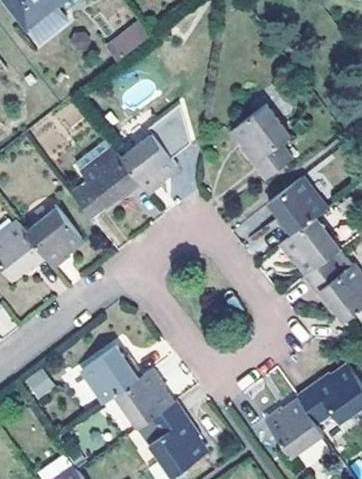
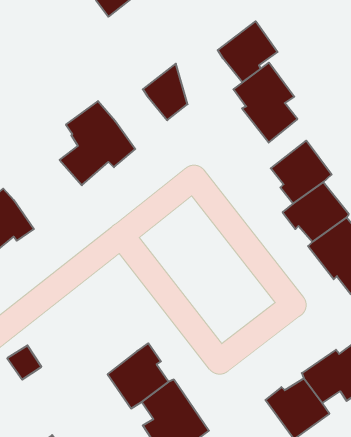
building: none -> [218,21,278,82]
building: [122,135,177,195] -> none
building: [27,208,83,269] -> none
building: [81,346,143,402] -> none

